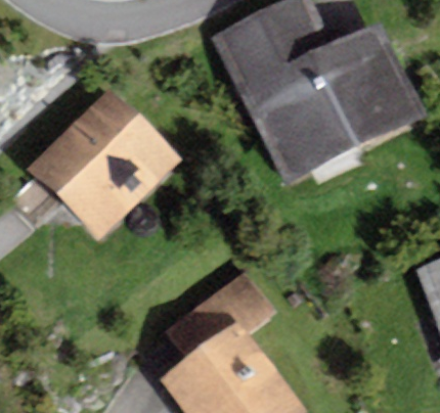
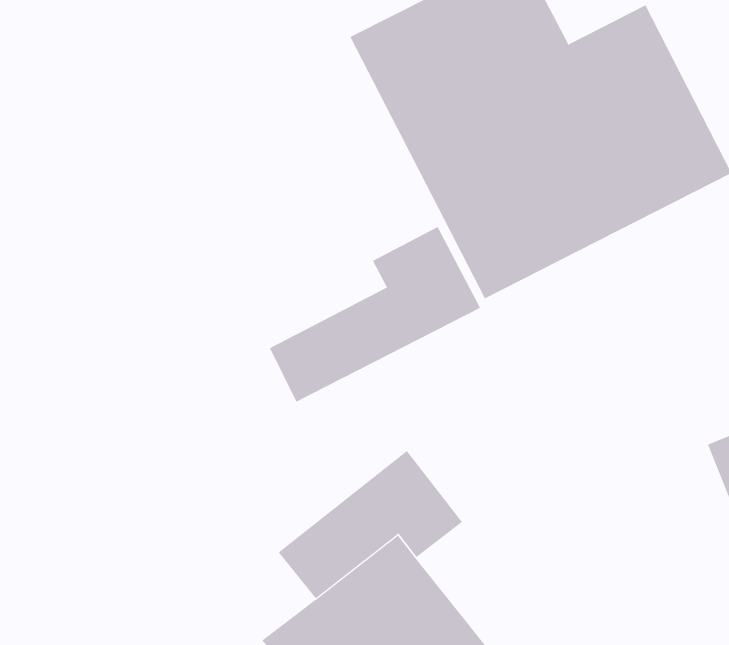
building: [31,88,182,238] -> none
building: none -> [269,226,481,402]

